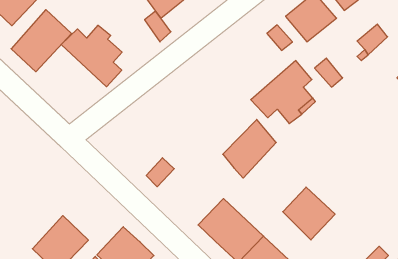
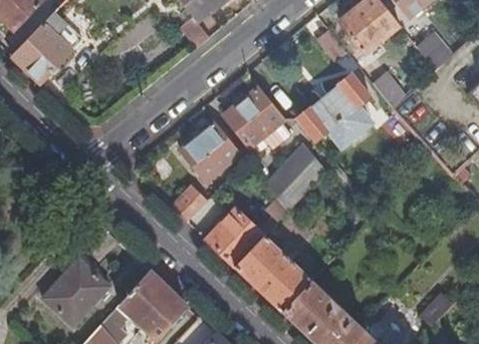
building: [61,25,122,87] -> none
building: none -> [225,86,292,147]
building: none -> [181,122,239,181]
building: none -> [208,201,289,268]
building: [283,187,335,240] -> none

